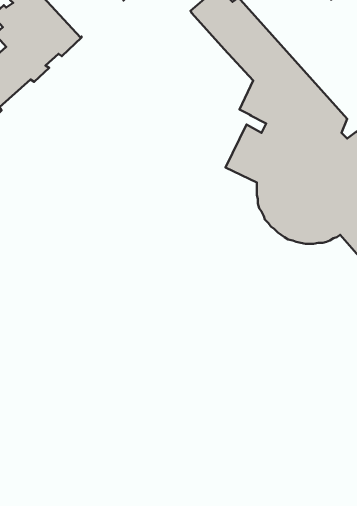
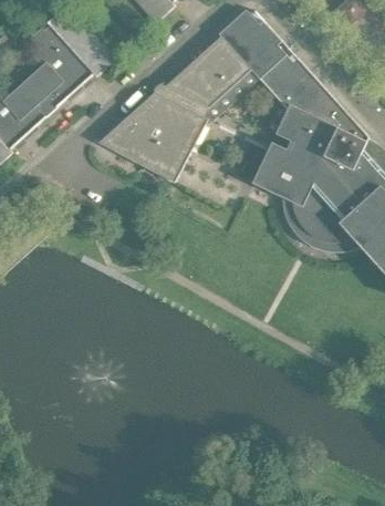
building: none -> [97,34,250,182]

